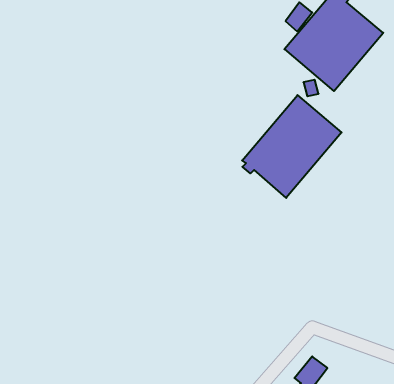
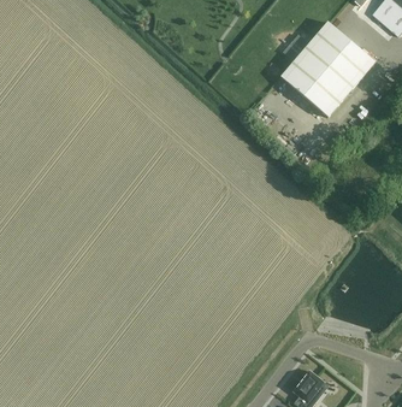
building: [242,95,342,198] -> none

